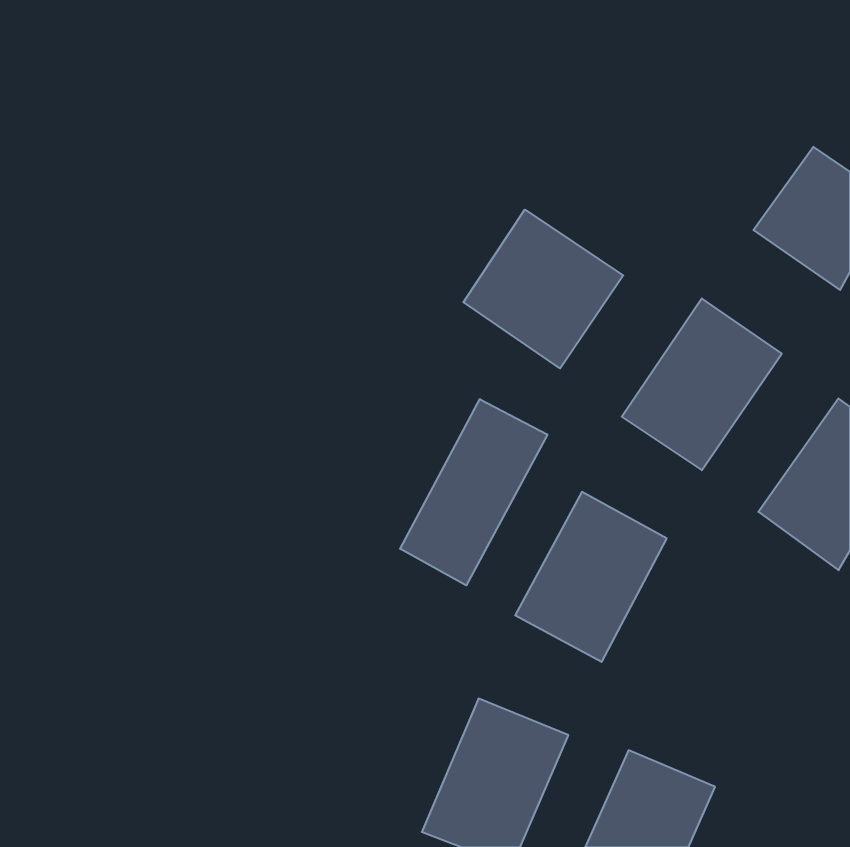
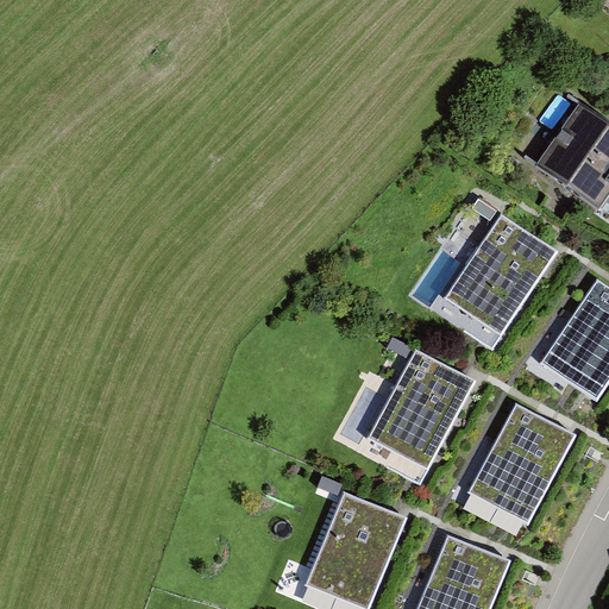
building: [463,210,623,368] -> none
building: [400,399,547,585] -> none
building: none -> [469,403,576,523]

